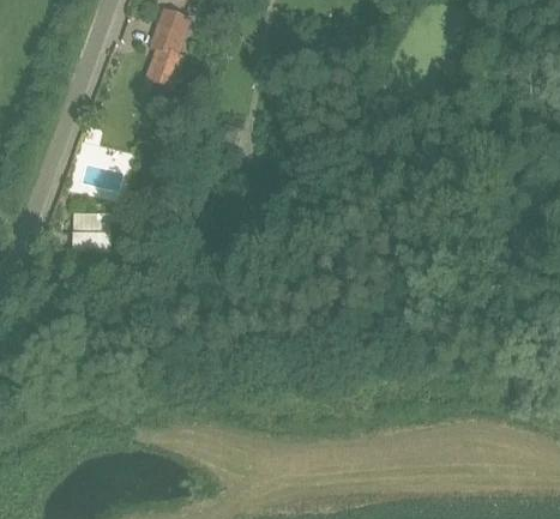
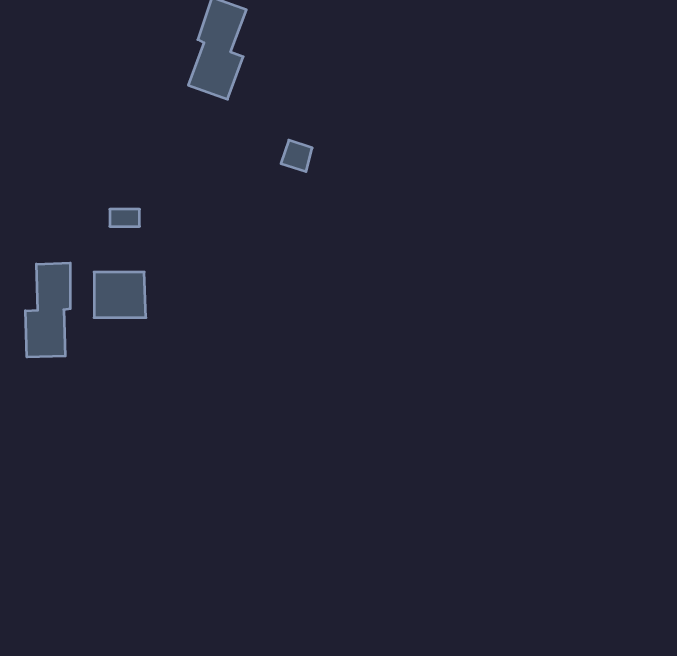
building: none -> [25,263,70,357]

